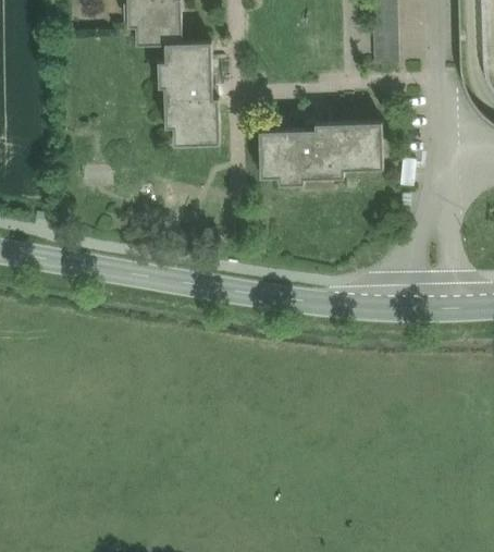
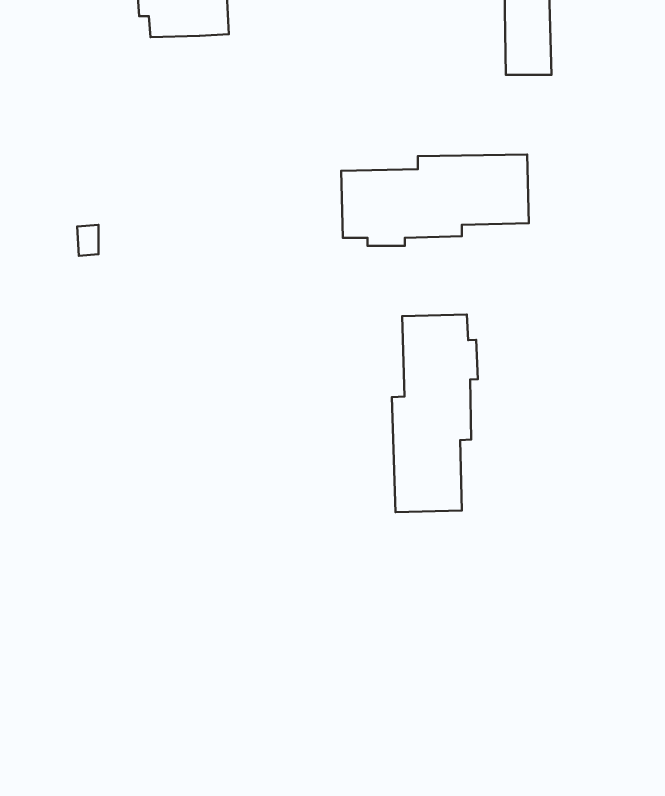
building: [155,41,224,148] -> none
building: none -> [392,314,478,512]

